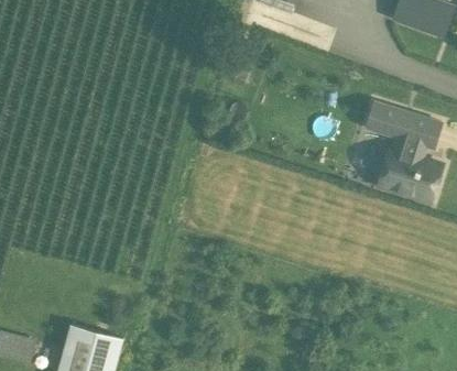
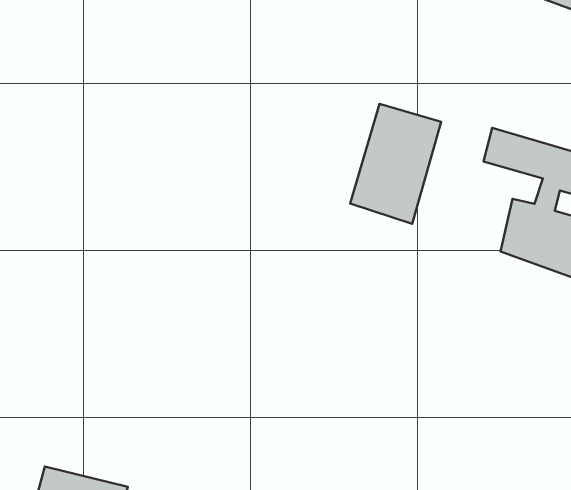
building: none -> [350,104,441,224]

